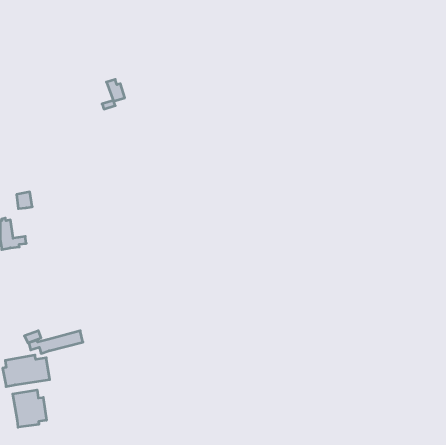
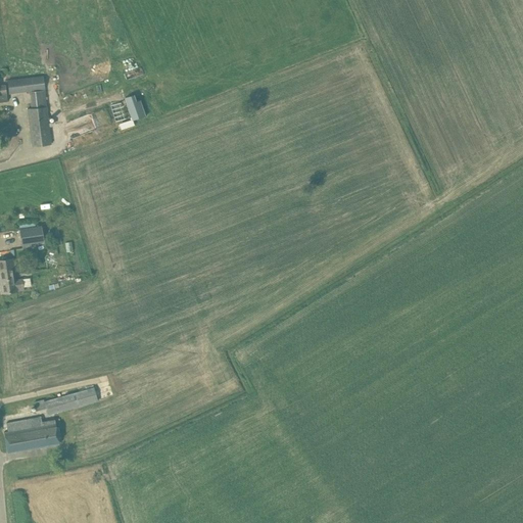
building: none -> [7,76,50,145]
building: [13,390,46,427] -> none

